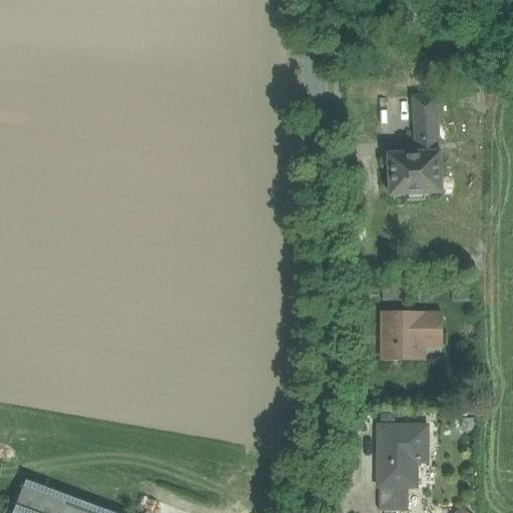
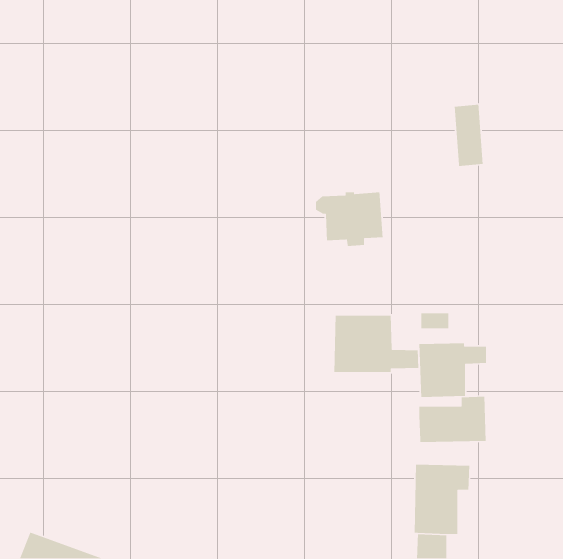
building: [381,149,443,199] -> [315,191,384,247]
building: none -> [334,315,419,373]
building: none -> [418,396,486,443]

